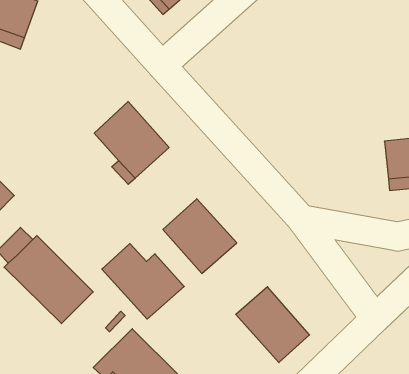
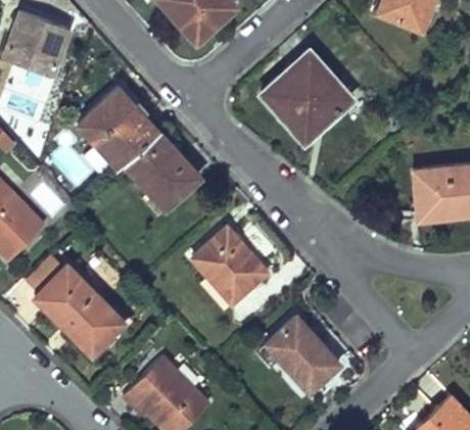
building: none -> [263,52,351,138]
building: none -> [78,88,158,169]
building: [102,244,184,319] -> none

